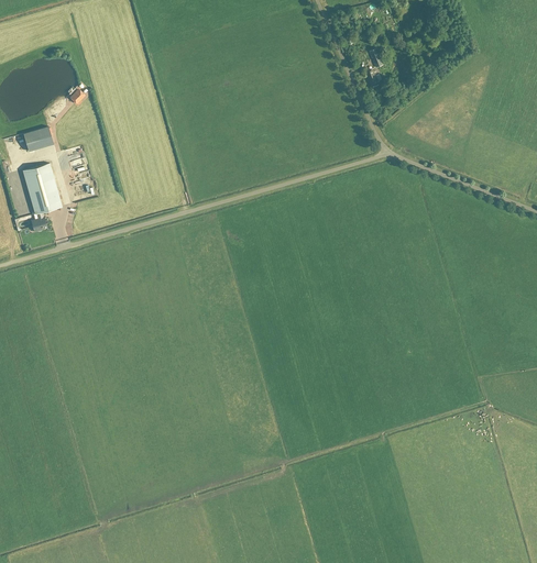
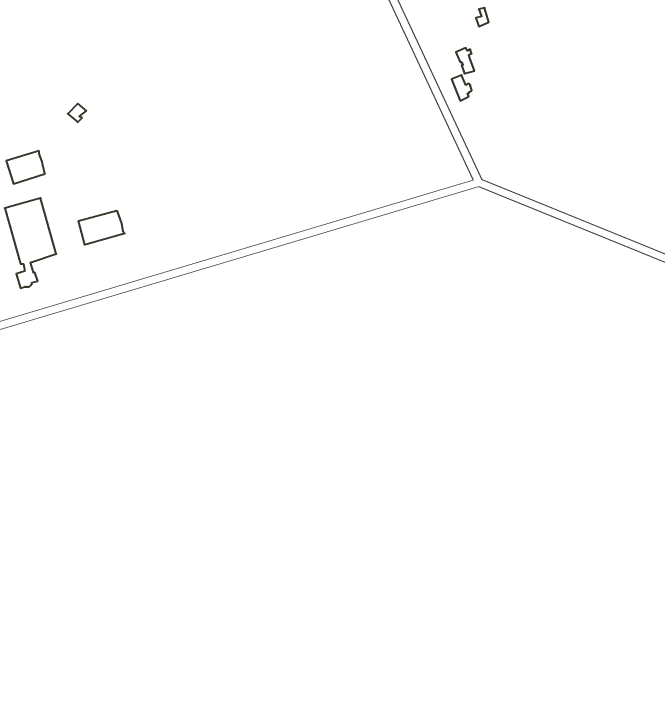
building: none -> [78,211,125,245]

